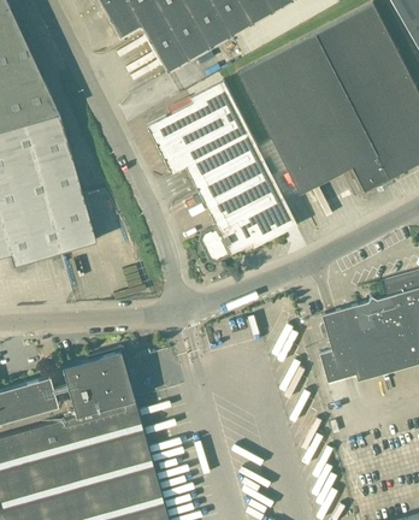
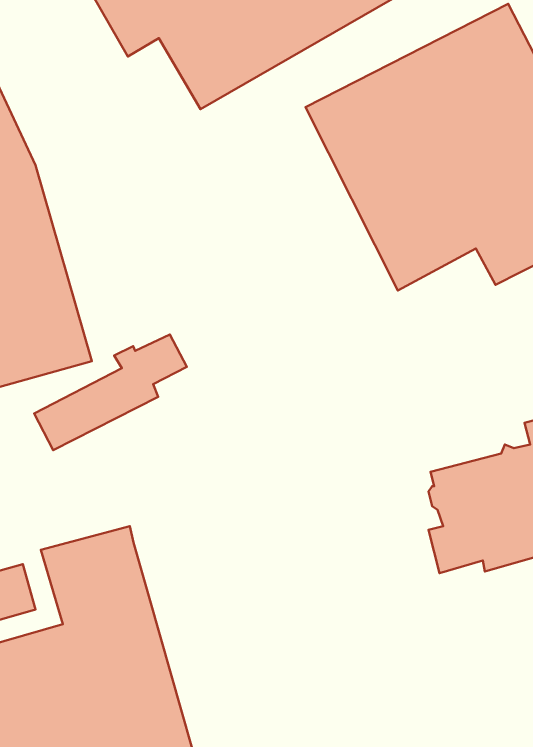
building: [146,81,296,264] -> none
building: none -> [34,335,187,450]

